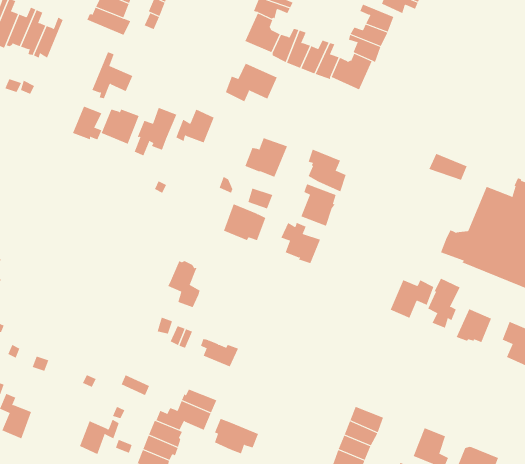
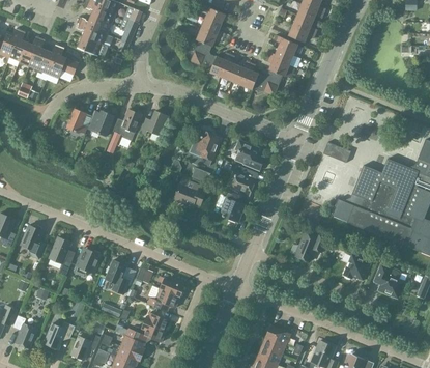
building: [92,51,133,99] -> [48,46,78,80]
building: [225,63,278,102] -> none
building: [167,260,200,308] -> [105,259,128,293]
building: none -> [20,224,44,258]
building: [428,278,461,329] -> none
building: none -> [49,236,70,276]
building: none -> [74,249,102,276]
building: none -> [44,321,75,348]
building: [214,418,259,454] -> [147,285,179,311]

